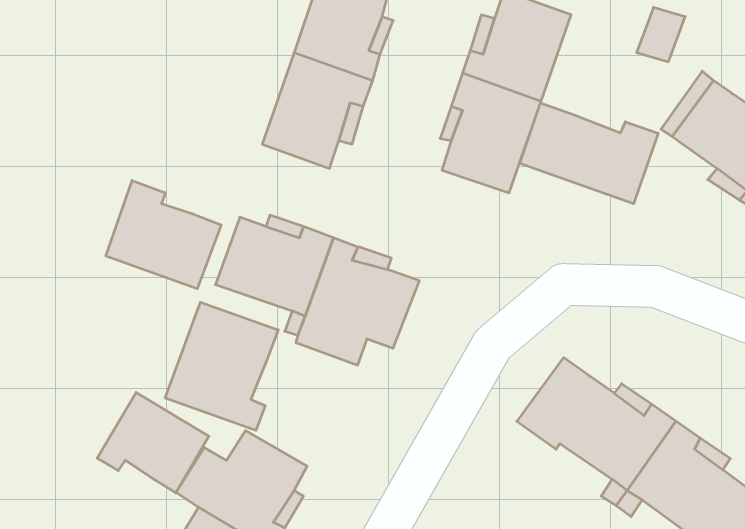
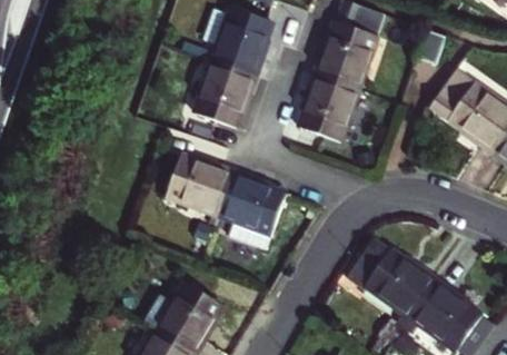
building: [520,103,658,204] -> none
building: [106,180,221,289] -> none
building: [165,302,278,430] -> none
building: [97,392,209,493] -> none

